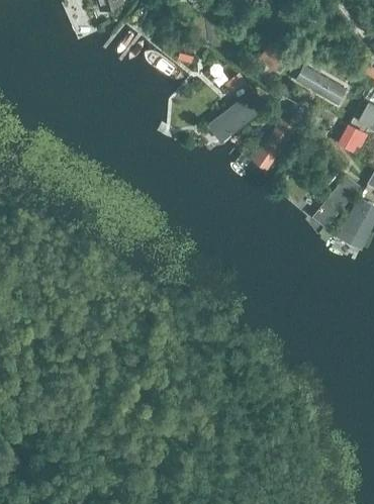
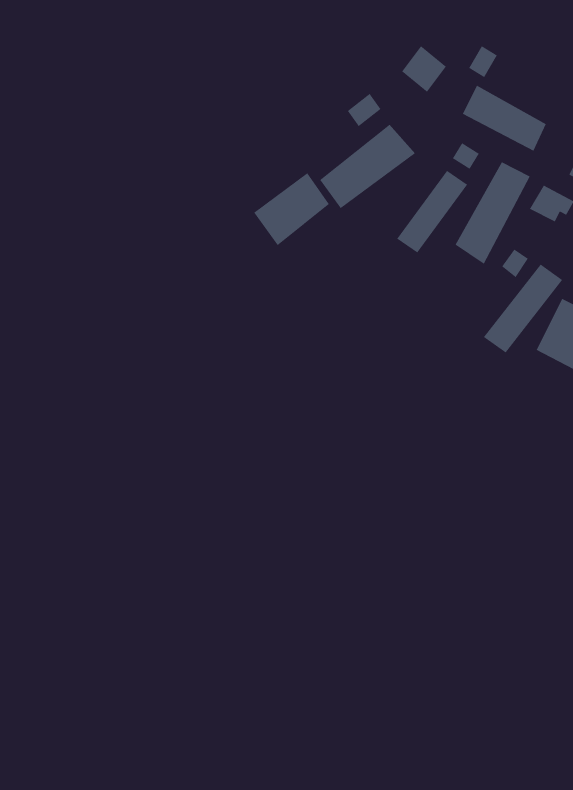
building: none -> [455,161,531,265]
building: none -> [253,172,330,246]

